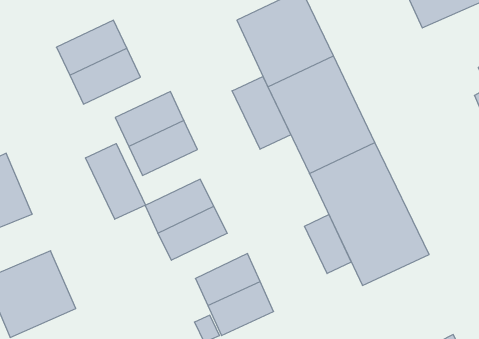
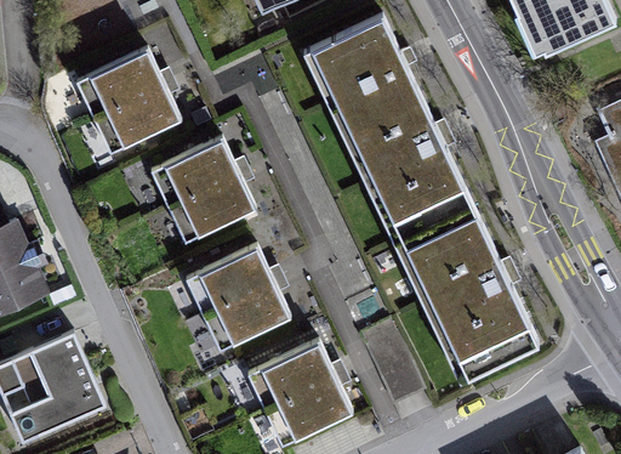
building: [232,76,291,149] -> none
building: [86,144,145,219] -> none
building: [305,215,351,274] -> none

